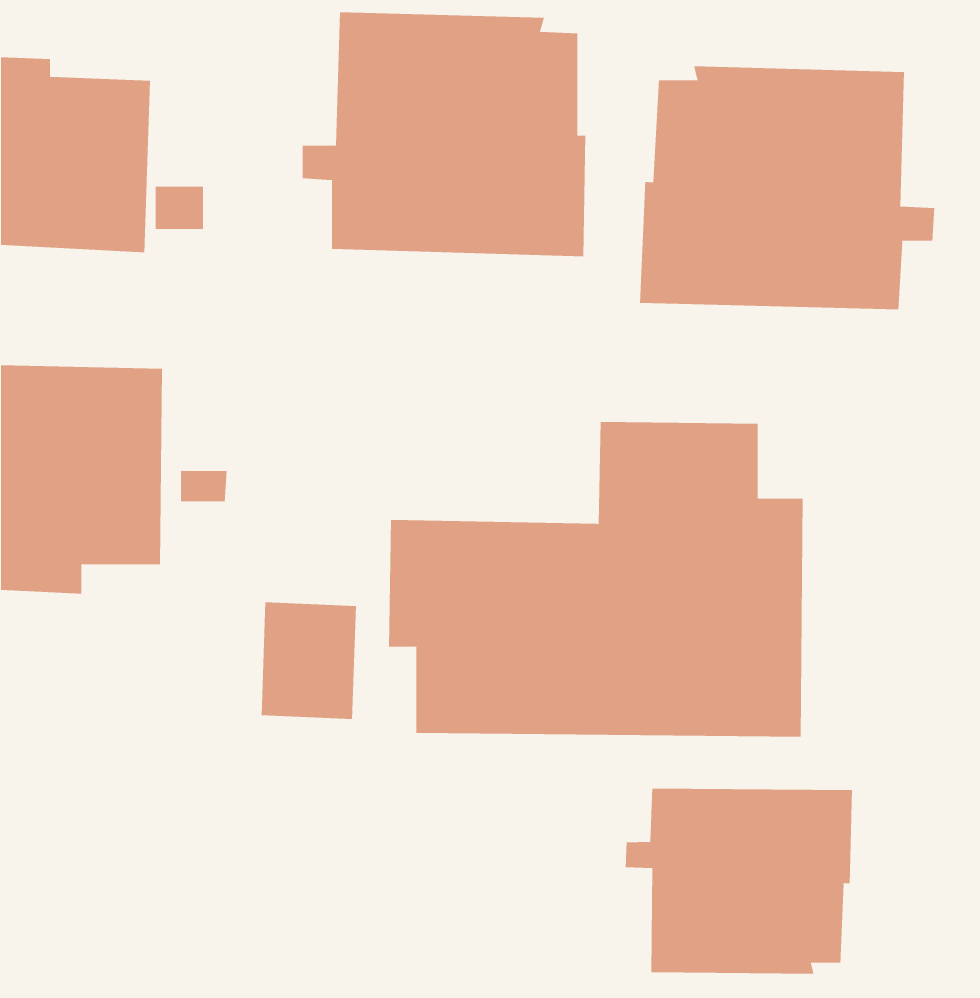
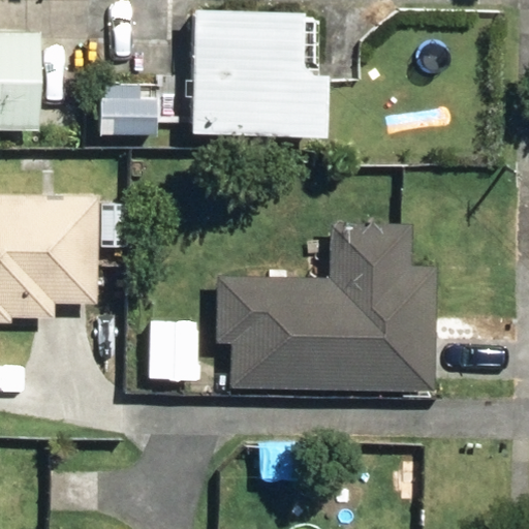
building: [640,66,935,310] -> none
building: [625,788,852,974] -> none

